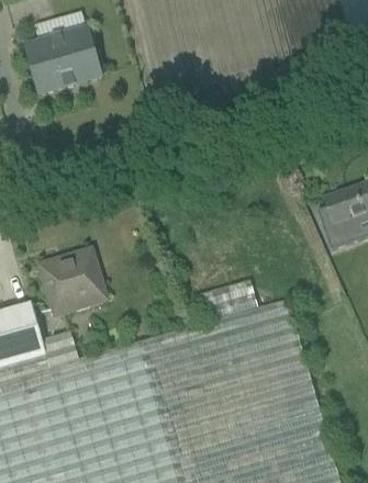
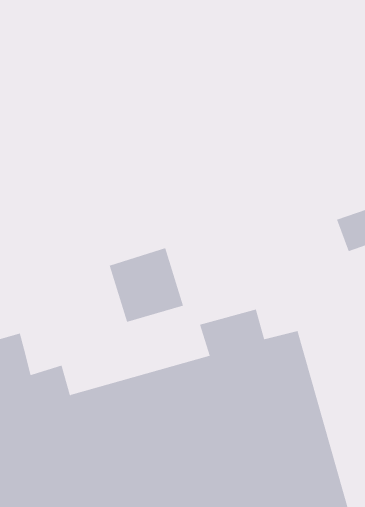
building: [24,34,101,100] -> none
building: [38,254,108,323] -> [109,247,184,322]

